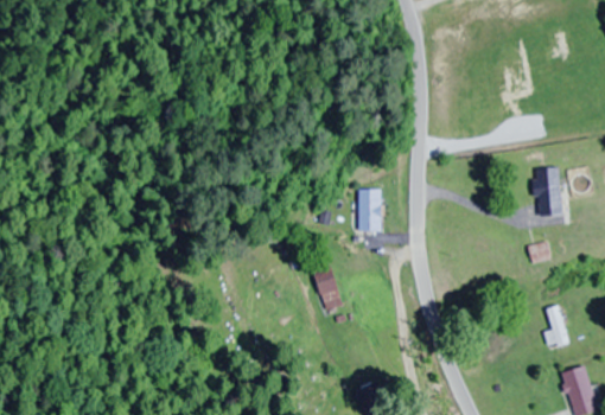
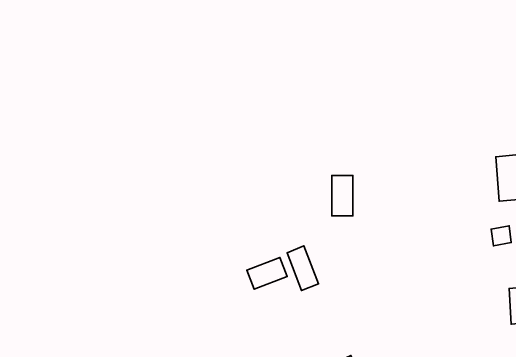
building: none -> [247,258,287,289]

